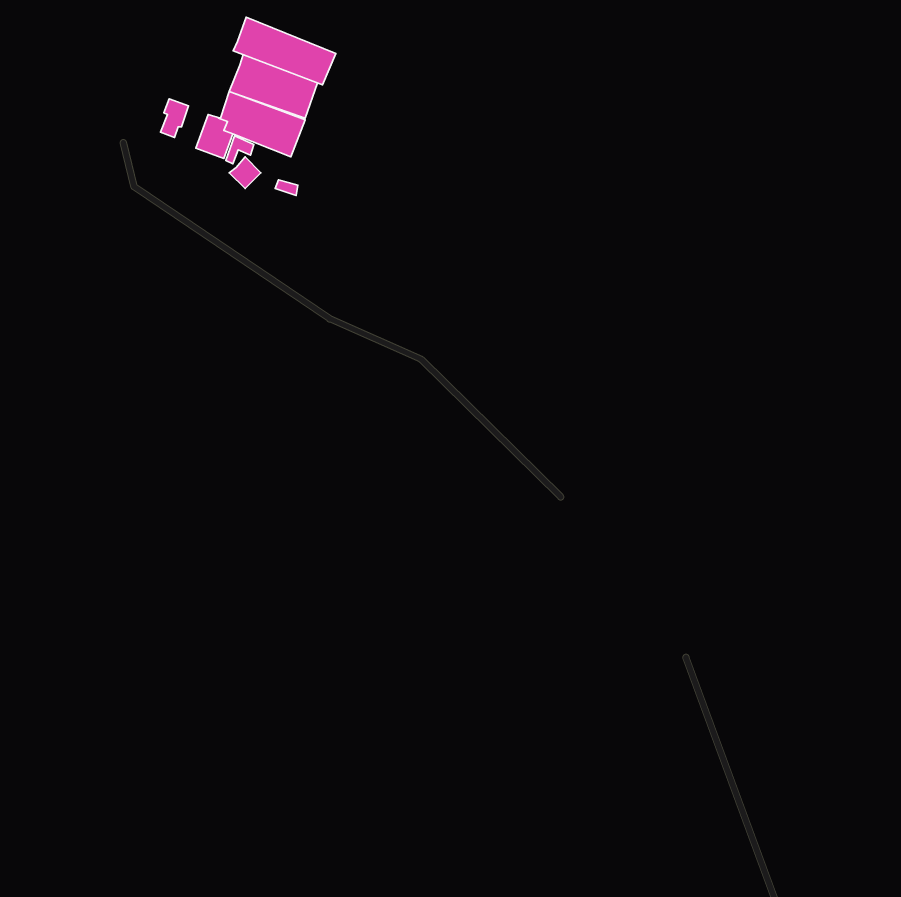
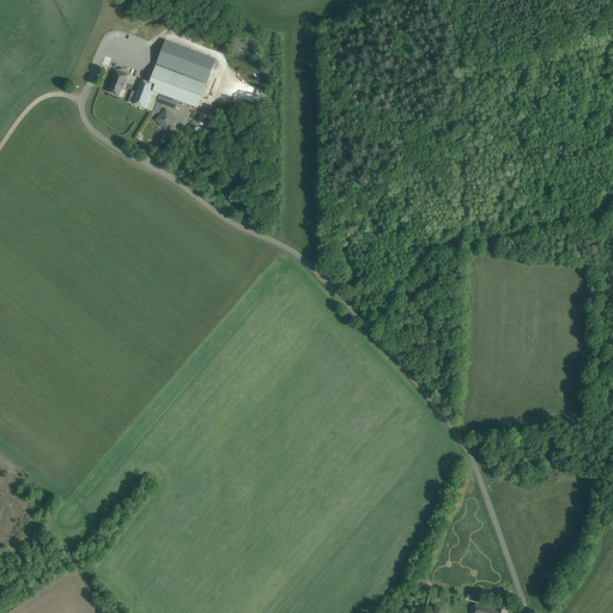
building: [233,17,336,85] -> none

